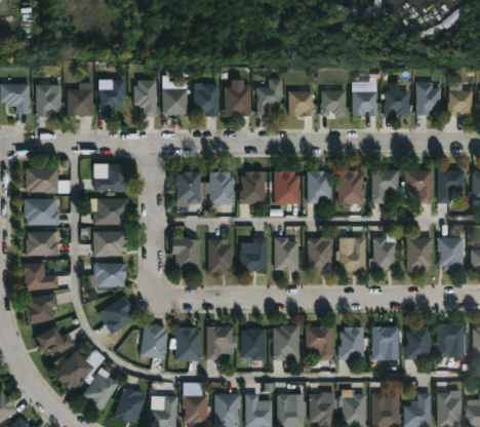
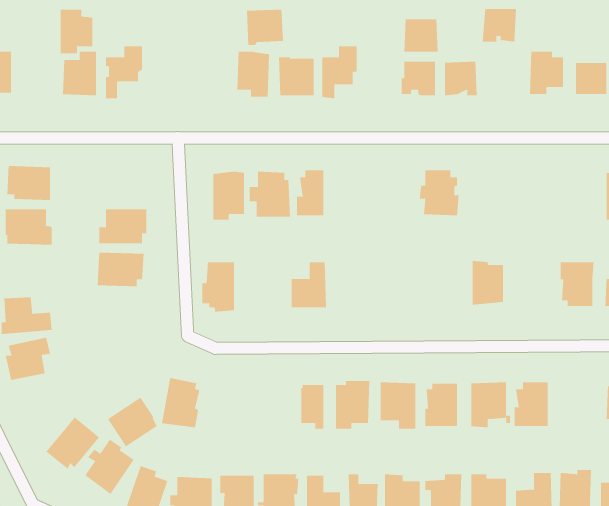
building: [136,79,159,116] -> none
building: [39,83,64,116] -> [60,9,93,54]
building: [164,87,192,114] -> [246,9,284,45]
building: [286,90,312,115] -> [404,19,438,52]
building: [381,90,406,115] -> [482,9,517,42]
building: [97,163,131,189] -> none
building: [368,168,396,202] -> none
building: [434,168,462,203] -> none
building: [304,169,327,202] -> none
building: [401,169,429,203] -> none
building: [271,170,296,202] -> none
building: [28,231,61,256] -> none
building: [273,237,295,269] -> none
building: [305,237,329,270] -> none
building: [336,237,363,270] -> none
building: [403,237,429,270] -> none
building: [205,238,230,274] -> none
building: [96,262,130,286] -> none
building: [101,297,137,334] -> [107,397,157,447]
building: [434,323,461,357] -> none
building: [208,325,239,360] -> none
building: [40,326,77,356] -> none
building: [177,327,203,360] -> none

